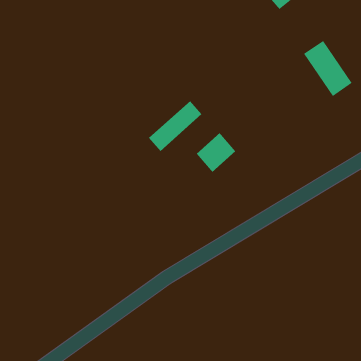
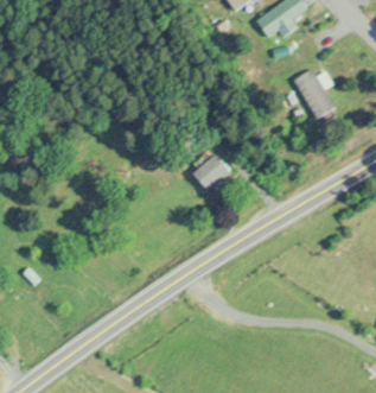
building: [148,100,202,152] -> none

